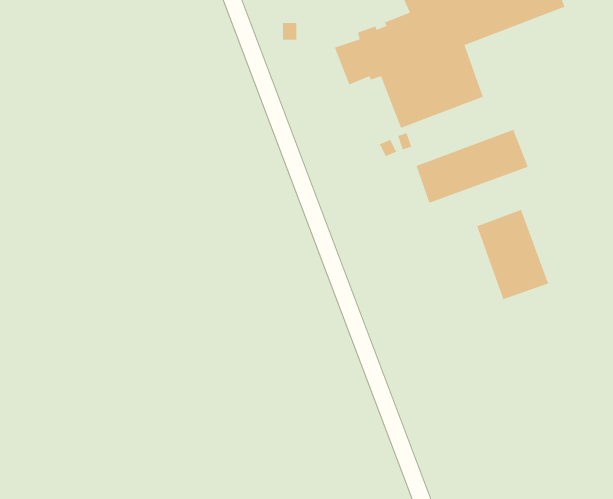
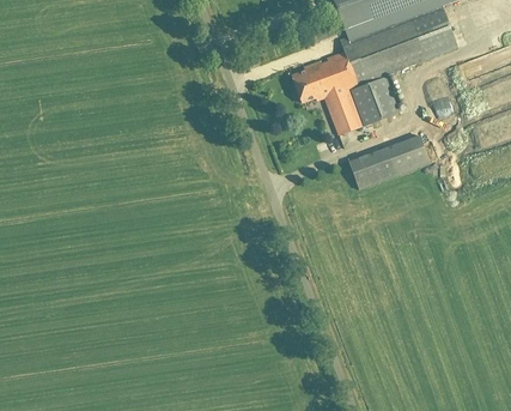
building: [476,209,549,300] -> none

